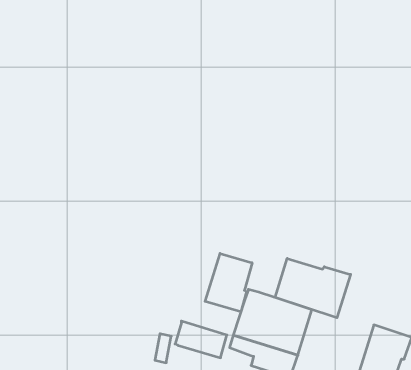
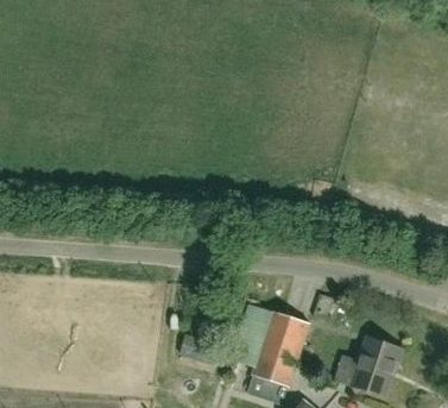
building: [205,253,252,312] -> none
building: [275,258,351,318] -> none

